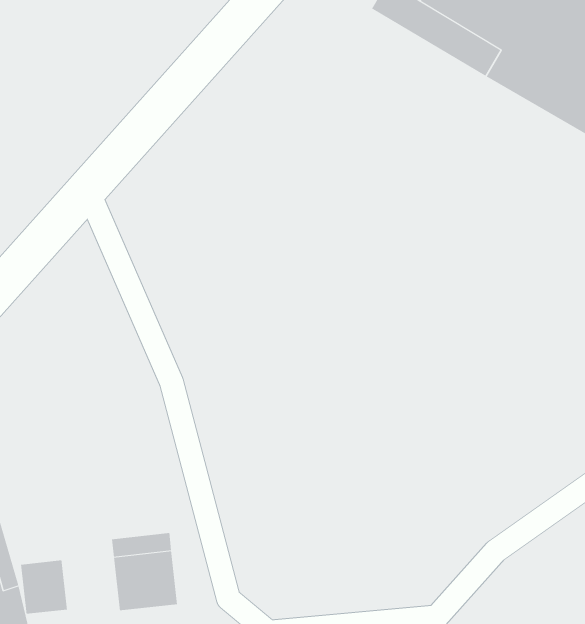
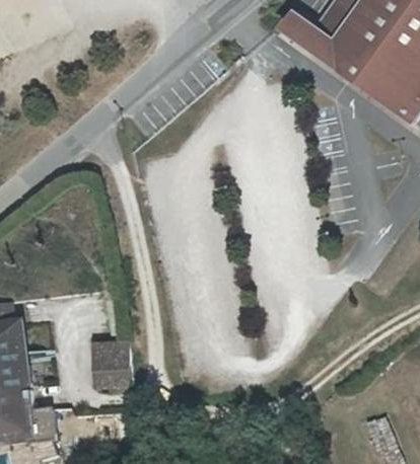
building: [20,560,67,615] -> none

